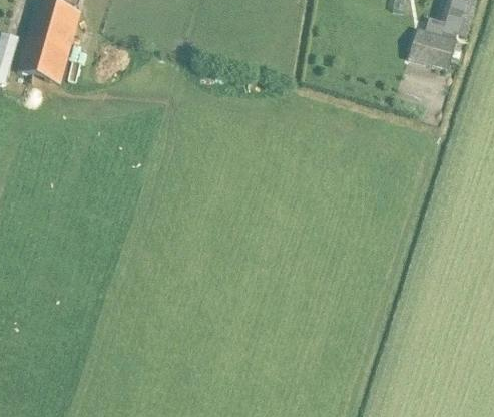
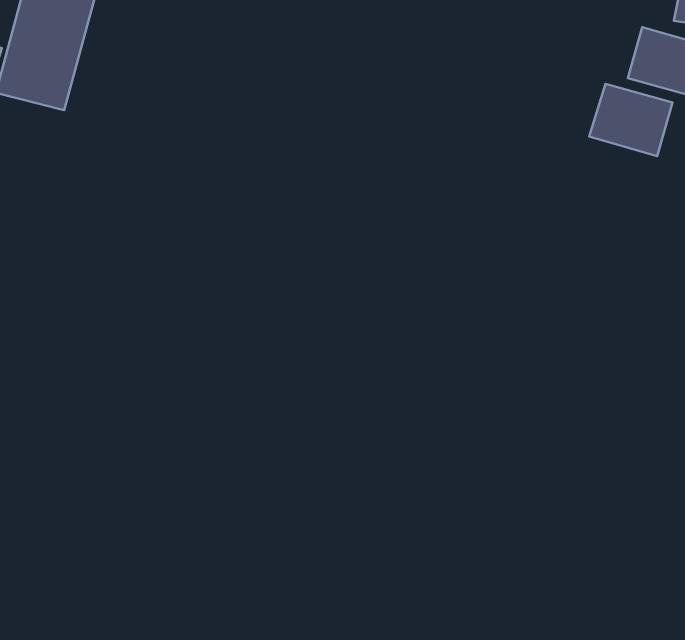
building: none -> [589,84,672,156]

